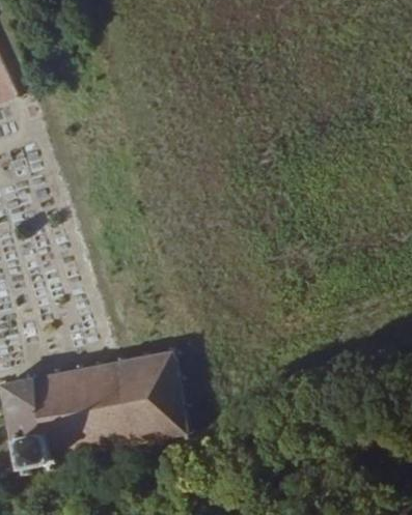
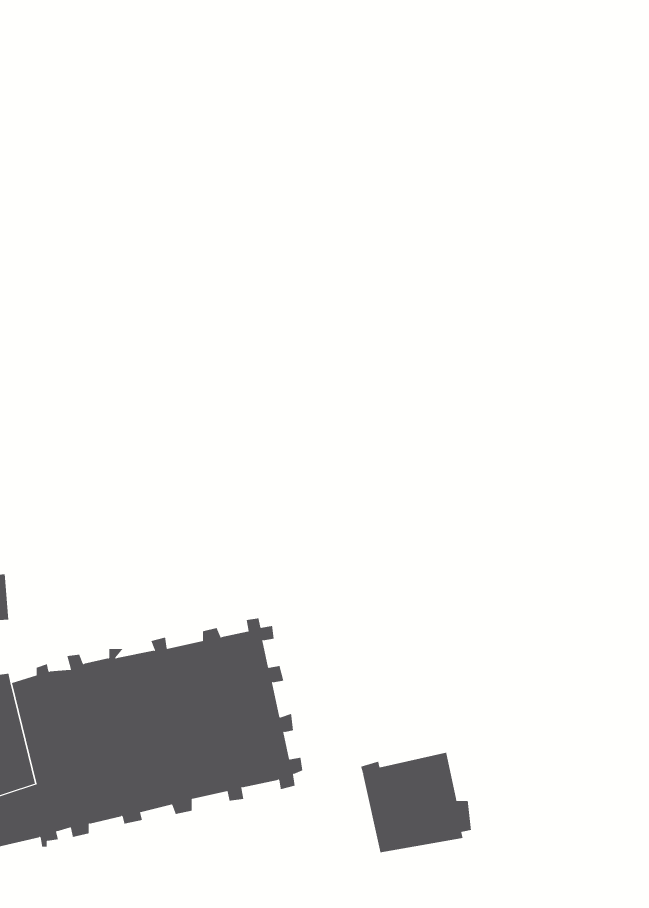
building: none -> [360,752,471,853]

